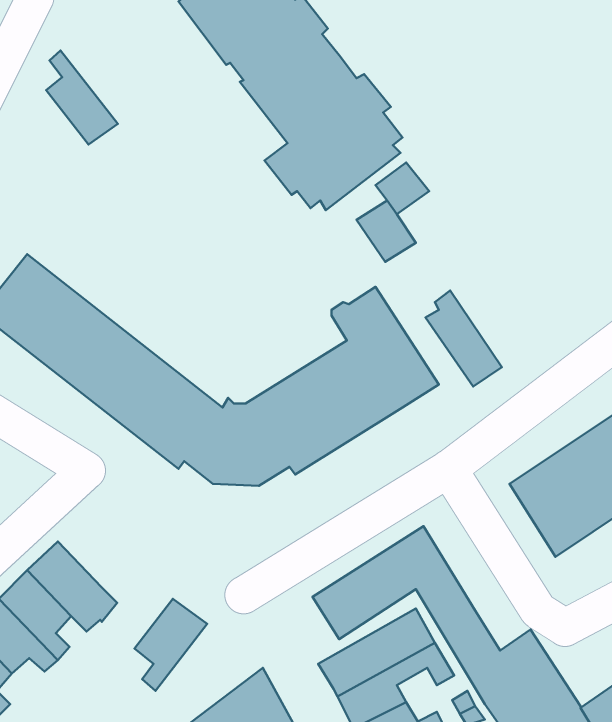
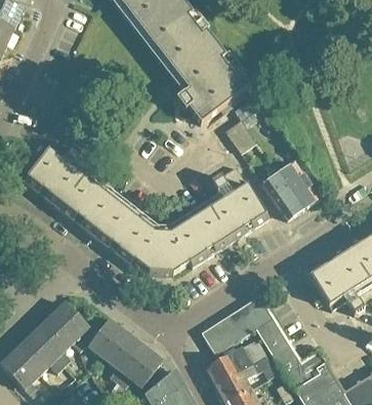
building: [46,50,118,145] -> none
building: none -> [270,149,319,209]
building: none -> [88,319,126,360]
building: none -> [117,347,162,388]

